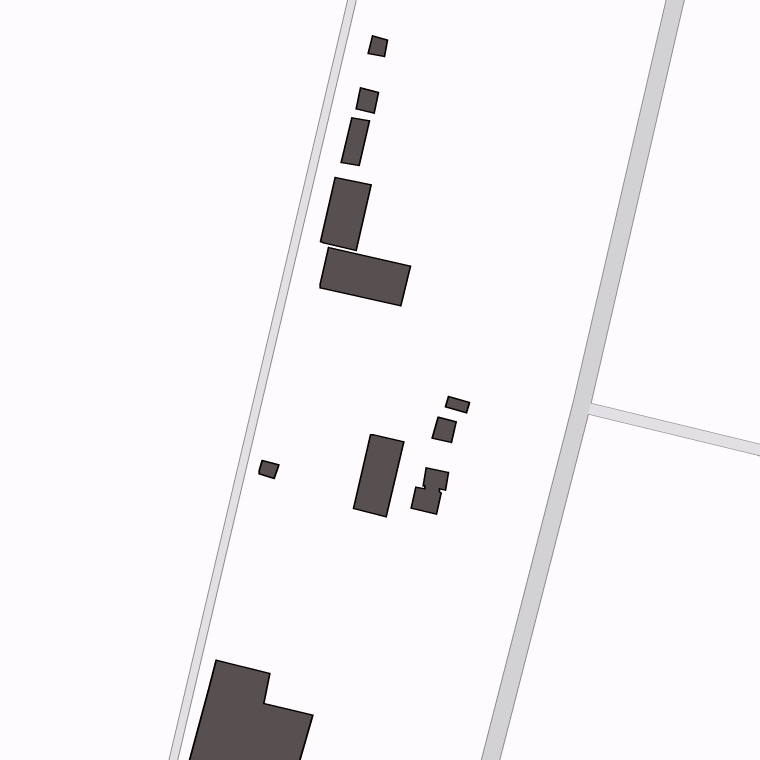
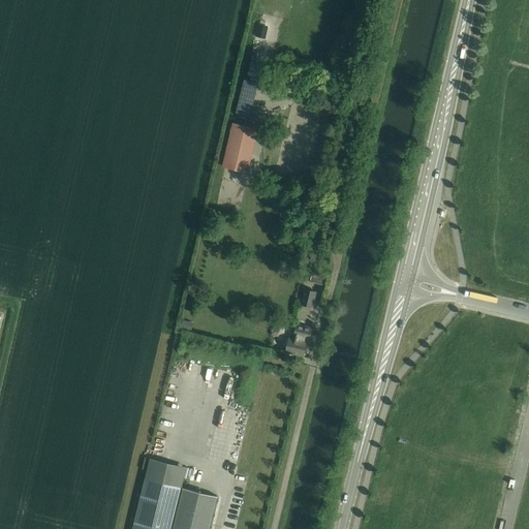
building: [320,248,411,306] -> none
building: [354,435,404,517] -> none

